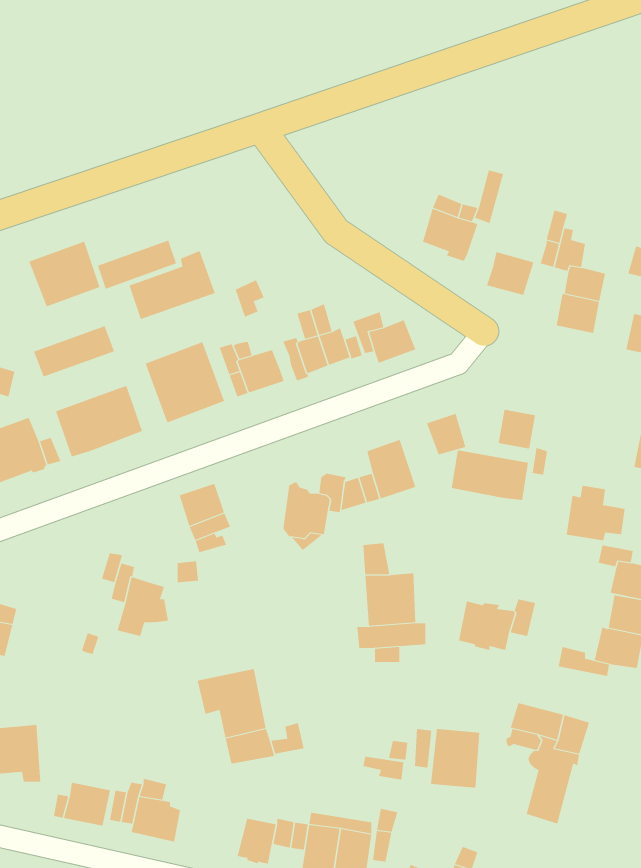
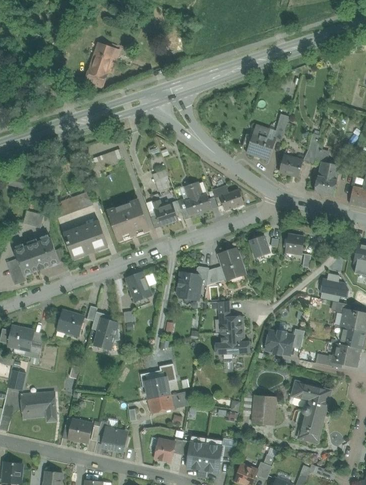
building: none -> [83,42,116,88]
building: [28,241,100,307] -> none
building: [129,250,216,320] -> none
building: [451,450,529,501] -> none
building: none -> [57,311,84,335]

